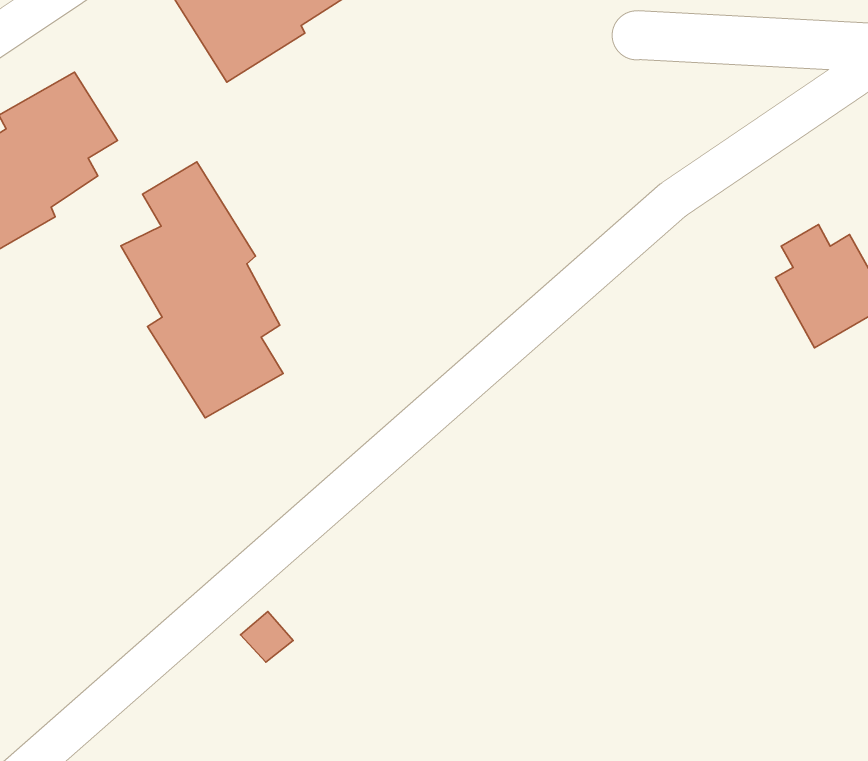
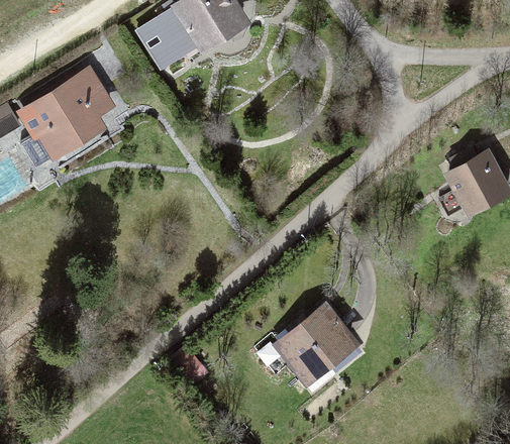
building: [121,162,283,418] -> none
building: none -> [284,311,353,377]

